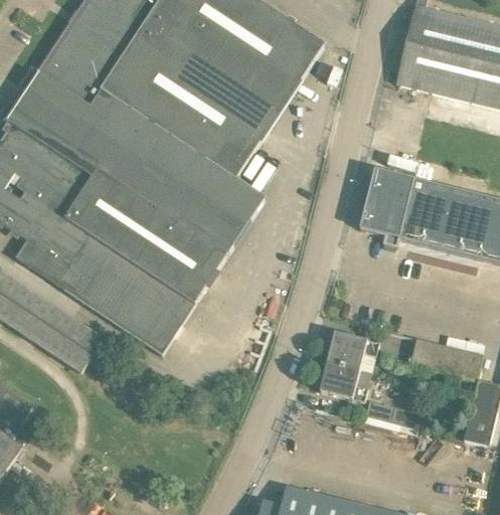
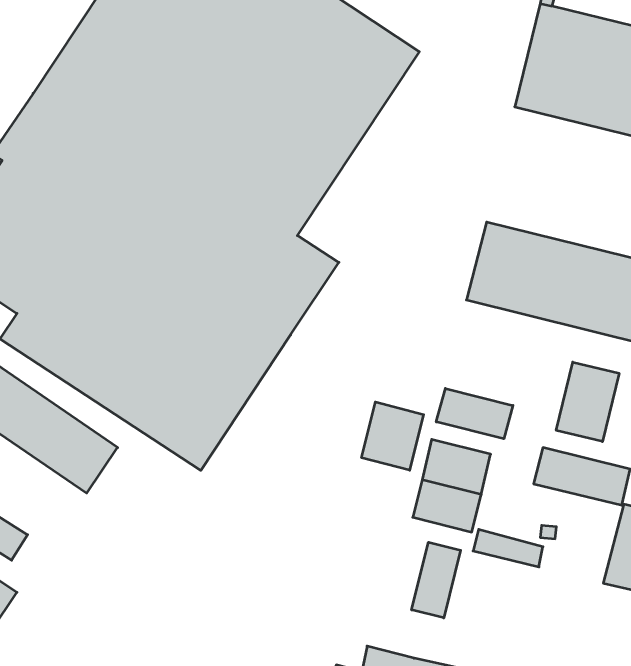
building: none -> [556,362,619,442]
building: none -> [436,388,513,439]
building: none -> [362,402,424,470]
building: none -> [412,542,461,618]

